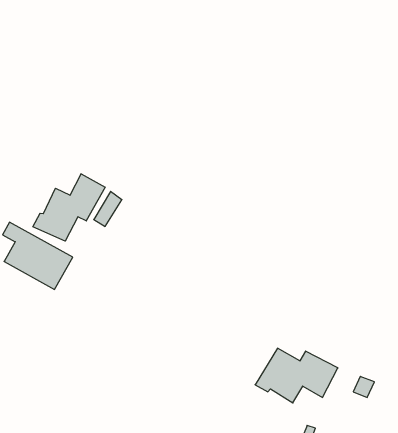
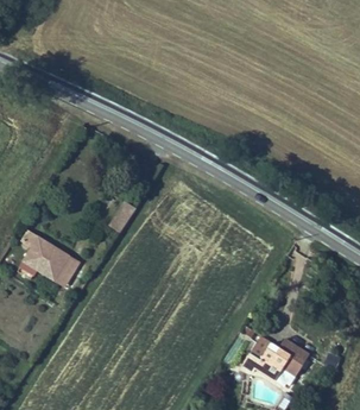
building: [33,174,105,241] -> none

